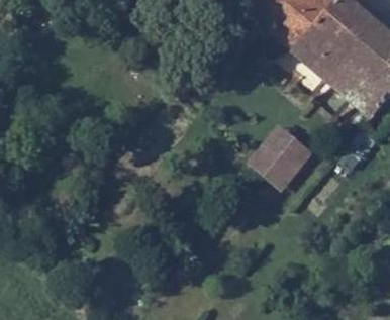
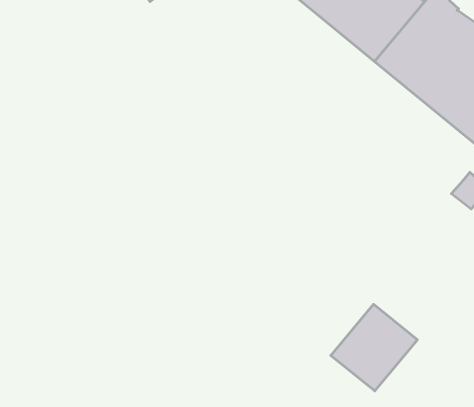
building: [253,126,314,188] -> [331,304,417,391]

